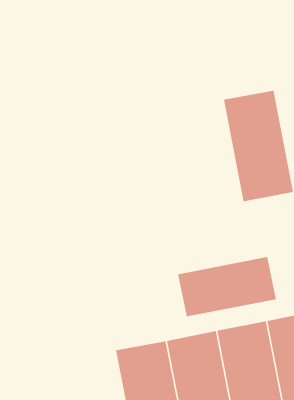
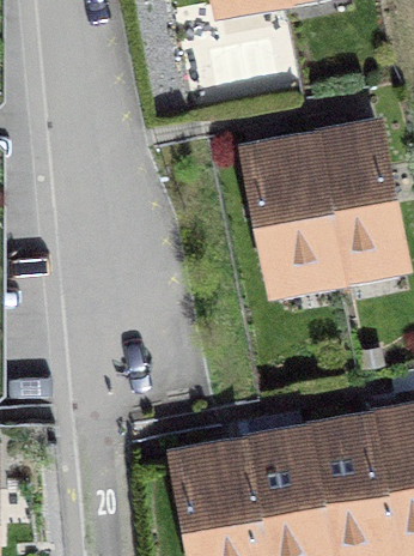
building: none -> [248,143,337,285]
building: [178,256,277,317] -> none

